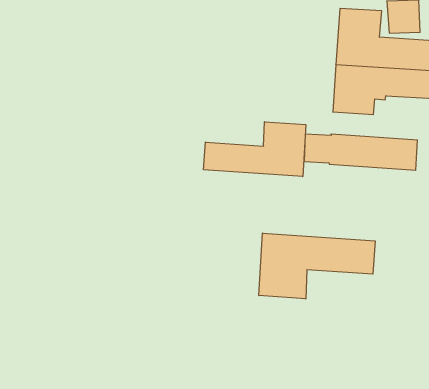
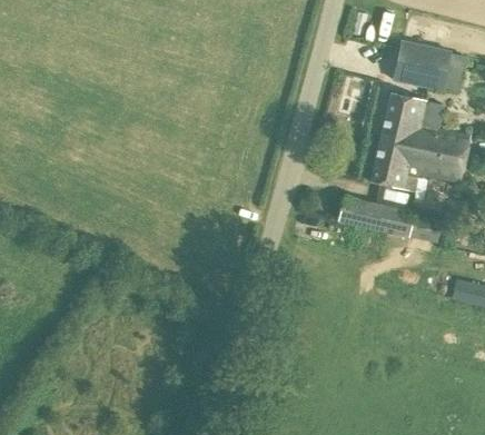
building: [204,122,306,177] -> none
building: [259,233,375,299] -> none

